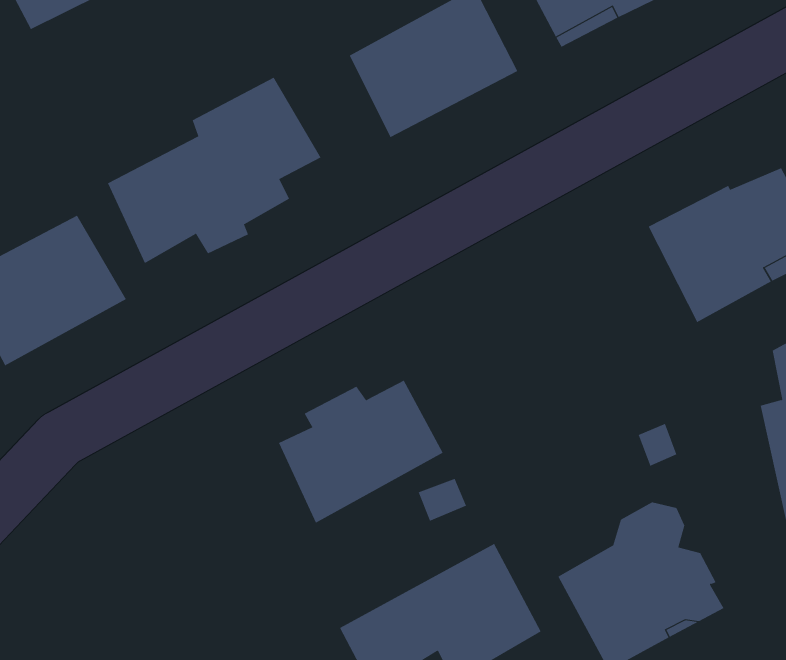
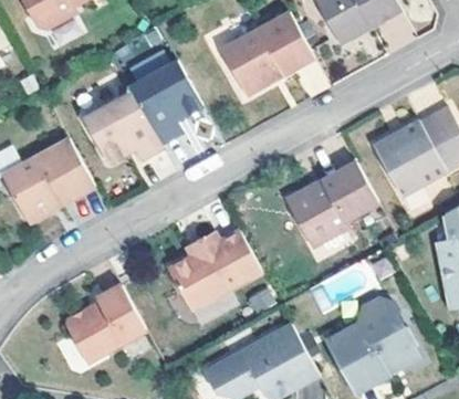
building: none -> [292,165,384,249]
building: none -> [70,283,147,364]

